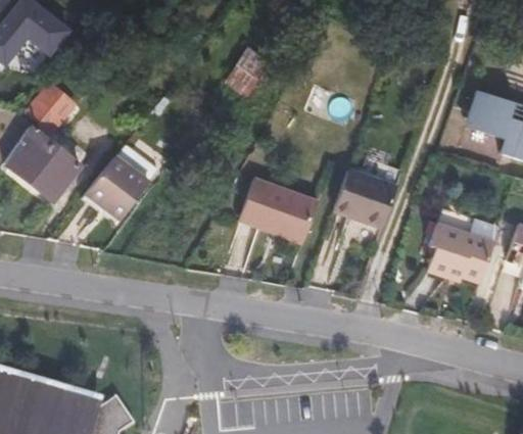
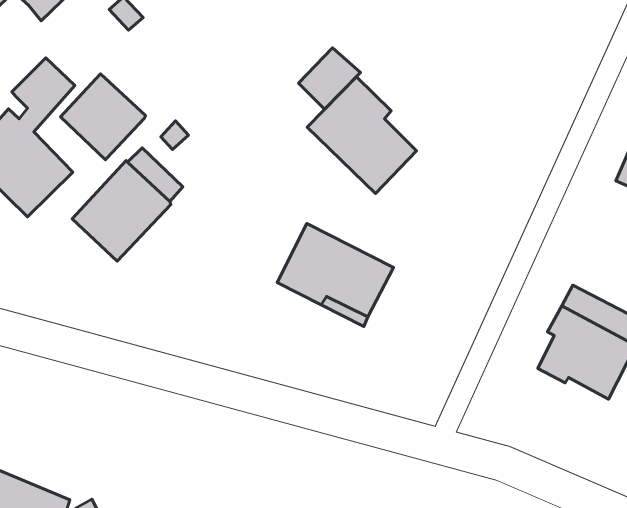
building: none -> [307,77,417,194]
building: none -> [61,74,146,160]
building: [327,177,390,236] -> none

